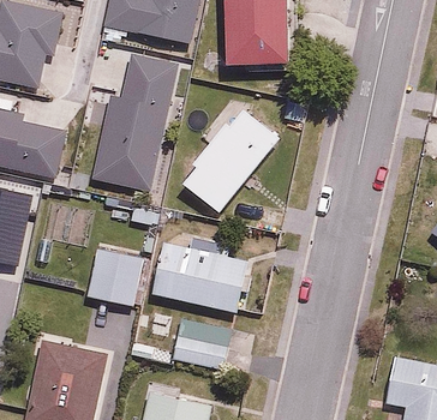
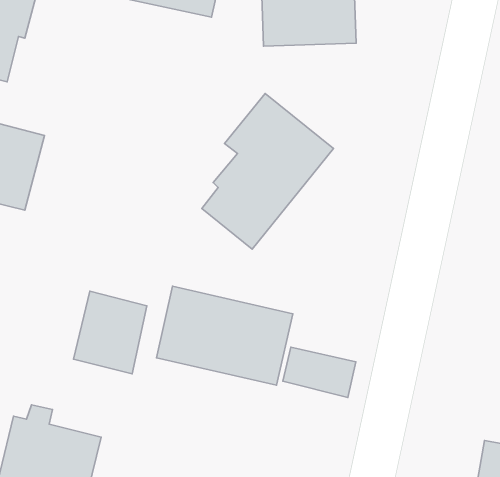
building: [85,54,175,192] -> none
building: [172,336,226,373] -> [283,347,356,397]

